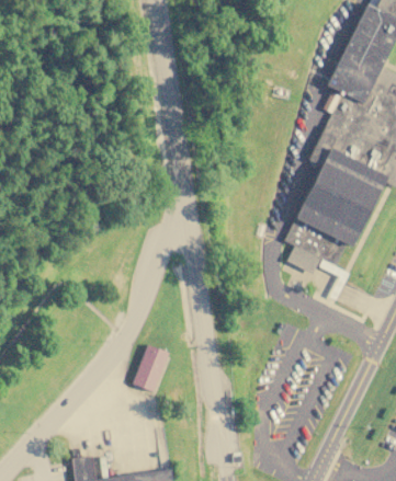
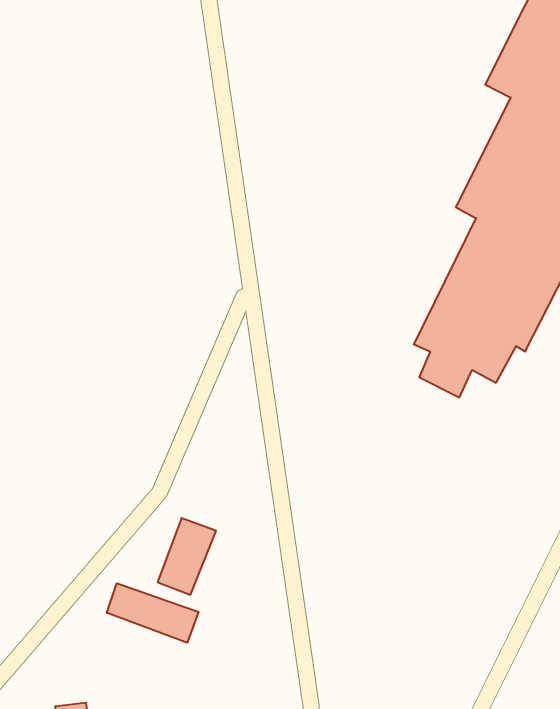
building: none -> [107,583,199,643]

